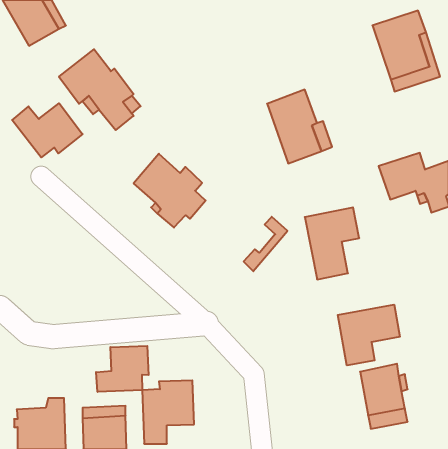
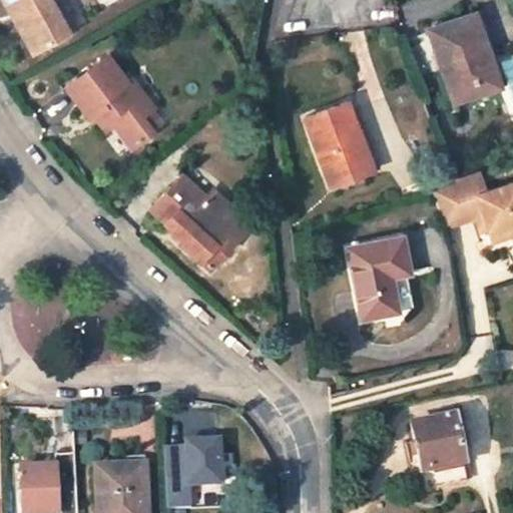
building: [12,103,83,157] -> none
building: [244,217,287,271] -> [199,208,249,271]
building: [338,305,400,365] -> none
building: [96,346,149,392] -> none

